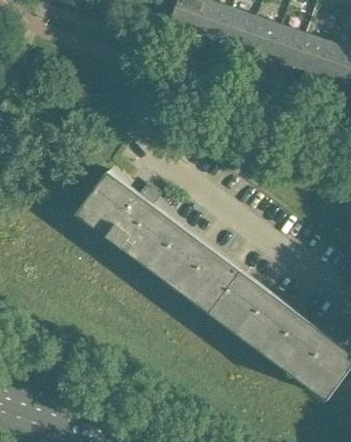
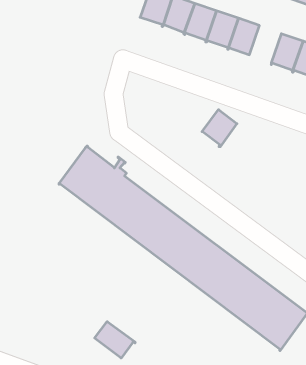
building: [286,31,322,73] -> none
building: none -> [202,110,237,147]
building: none -> [95,322,135,358]

